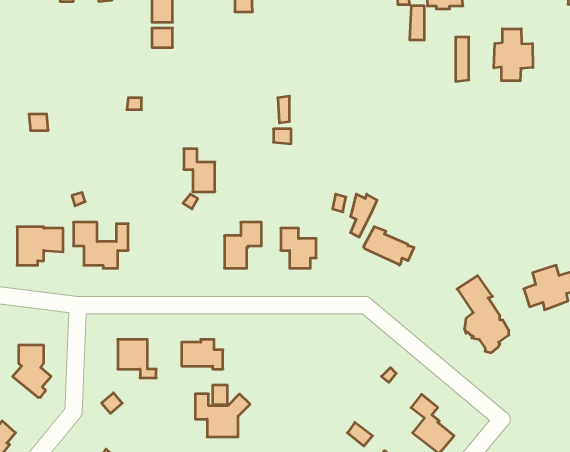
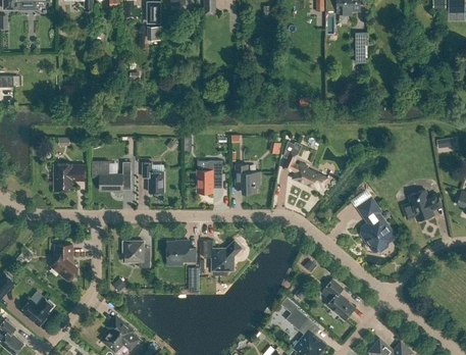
building: [494,29,533,81] -> none
building: [184,149,215,192] -> [143,162,164,192]
building: [195,394,250,437] -> [204,240,242,269]

